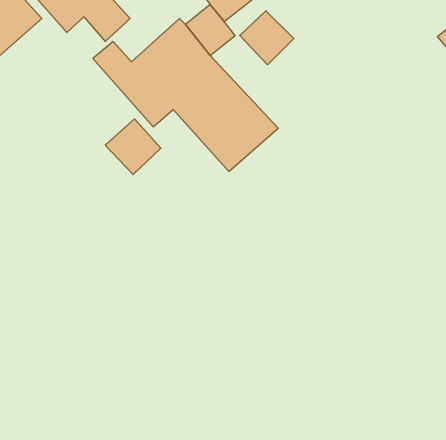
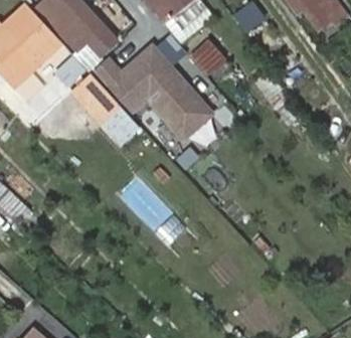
building: none -> [72,73,123,126]

